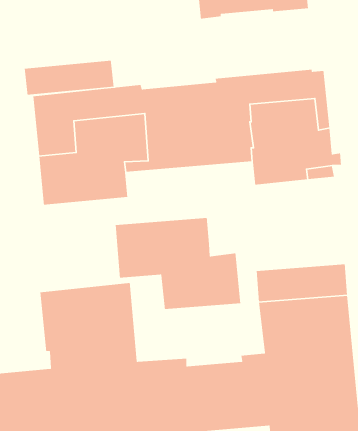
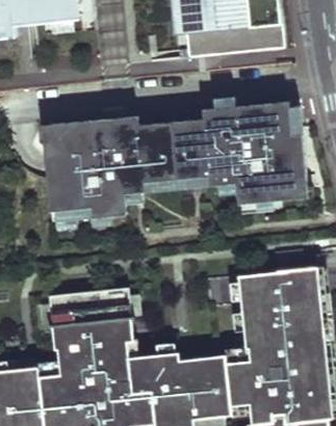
building: [24,60,114,96] -> none
building: [115,217,241,310] -> none

